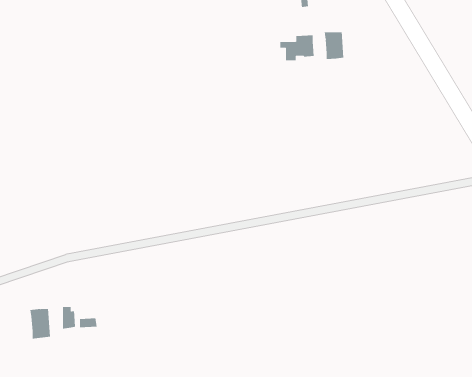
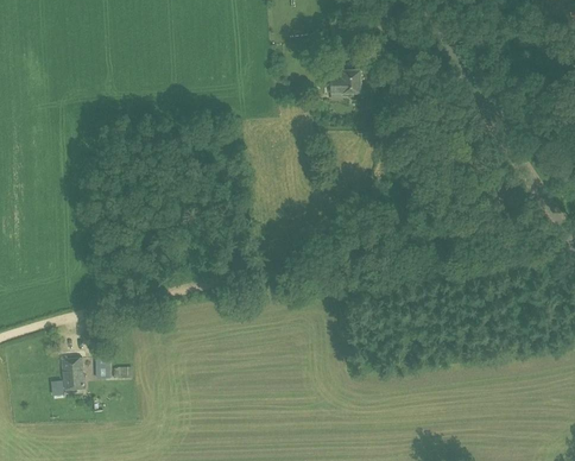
building: [324,31,344,60] -> none

